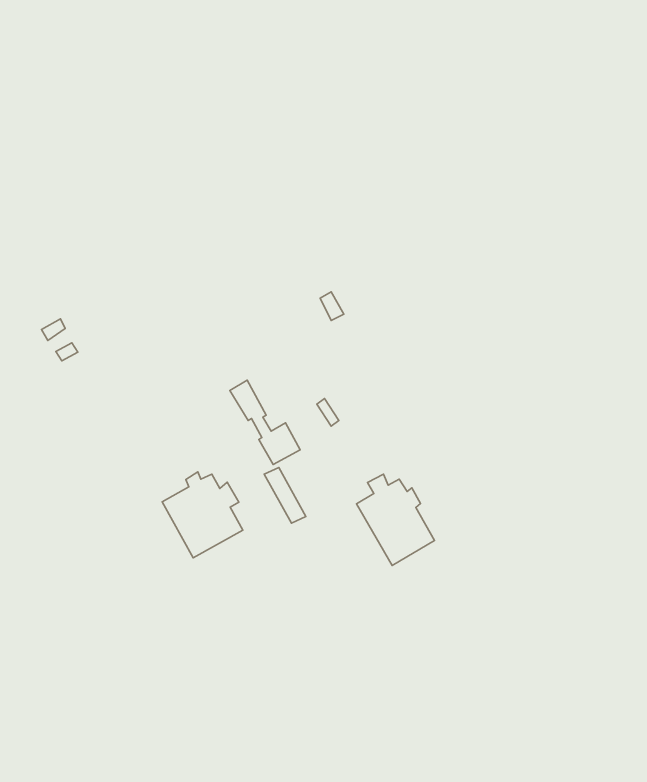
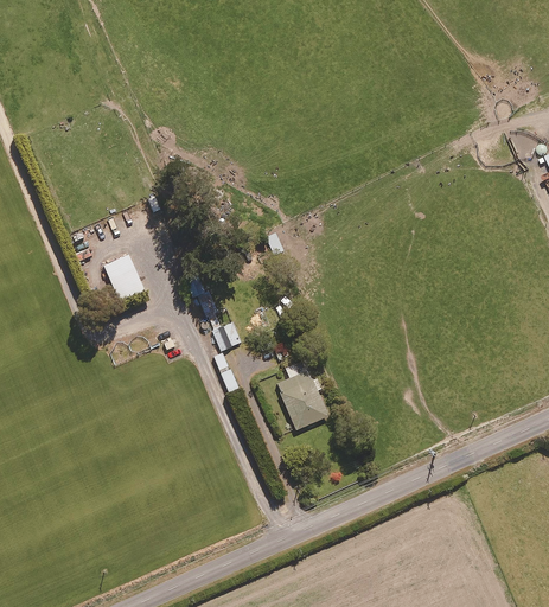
building: none -> [104,255,145,302]
building: [162,472,243,558] -> none

